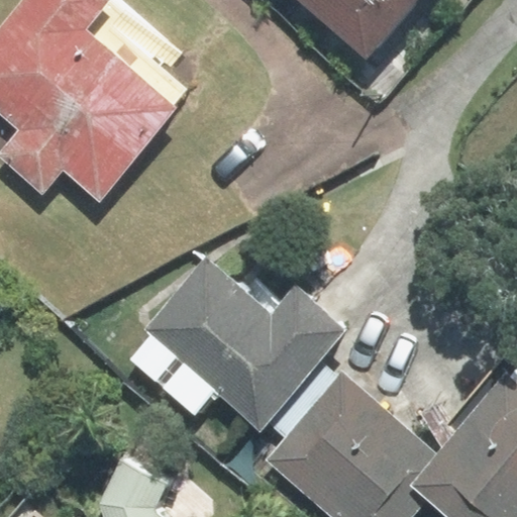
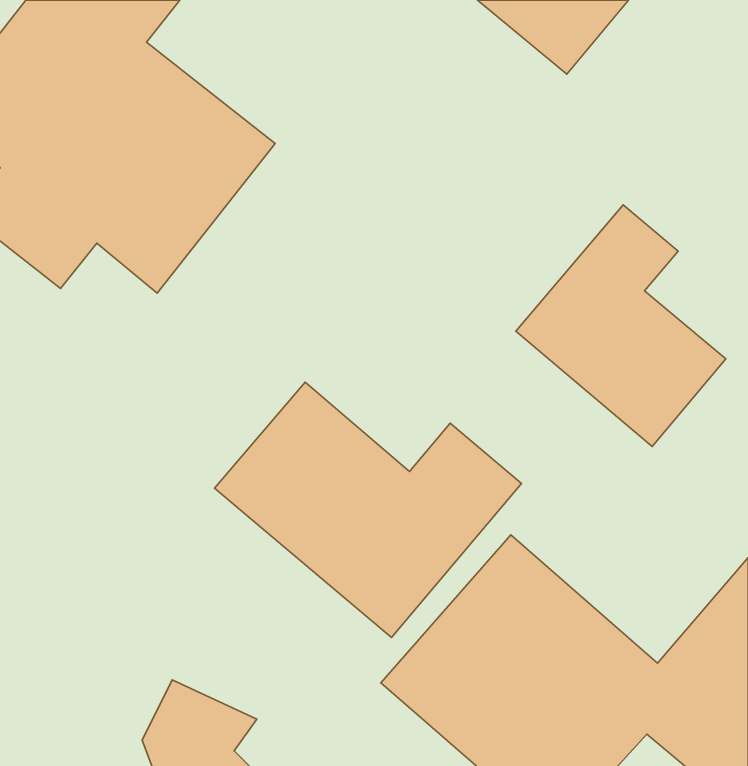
building: none -> [516,205,726,447]

